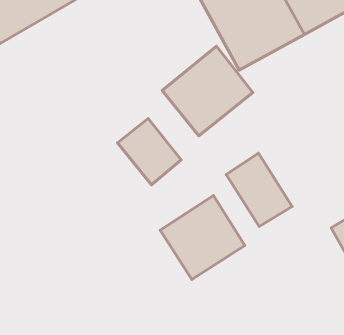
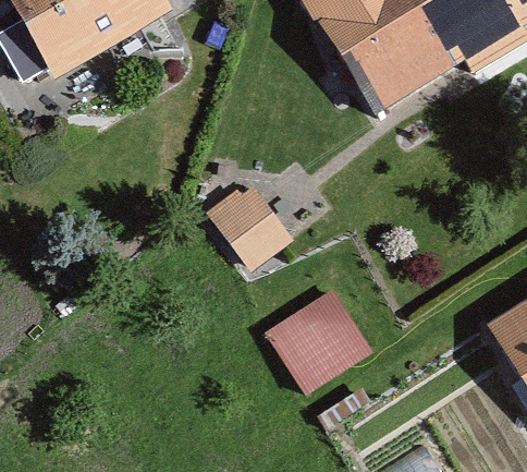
building: [162,46,253,136] -> none
building: [226,153,292,227] -> none

